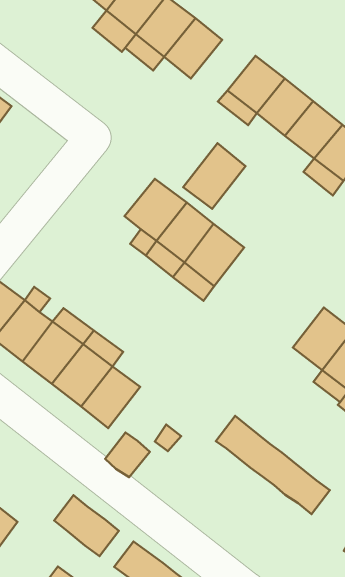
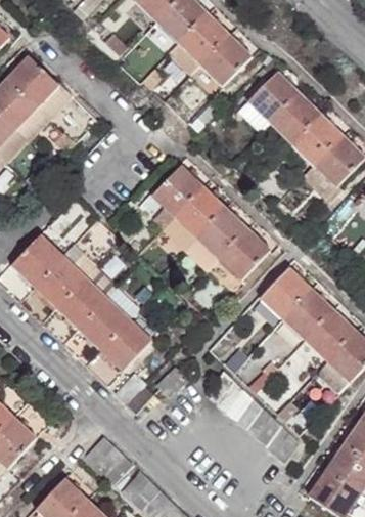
building: [183,143,245,209] -> none
building: none -> [222,231,272,282]
building: none -> [262,268,312,319]

